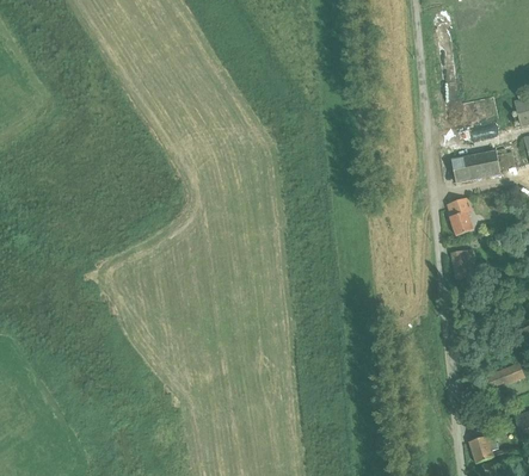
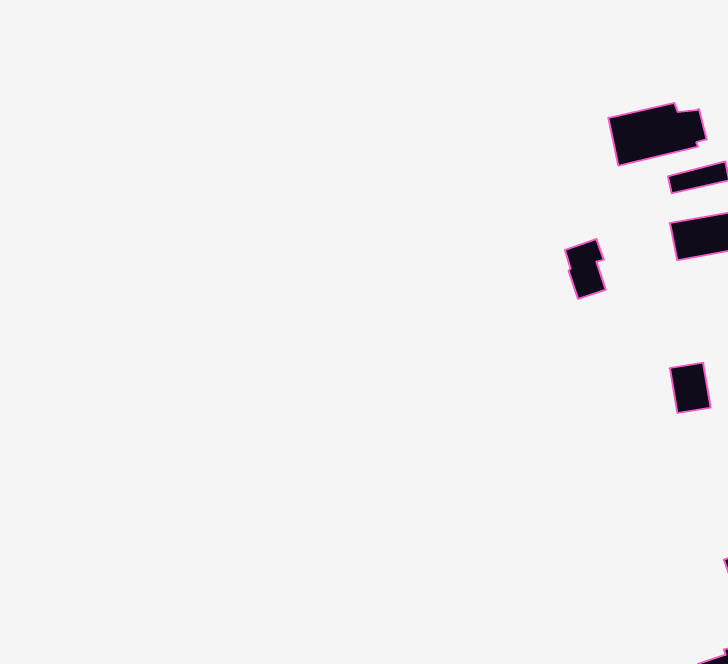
building: none -> [608,103,707,166]
building: [448,197,474,235] -> [565,239,606,299]

